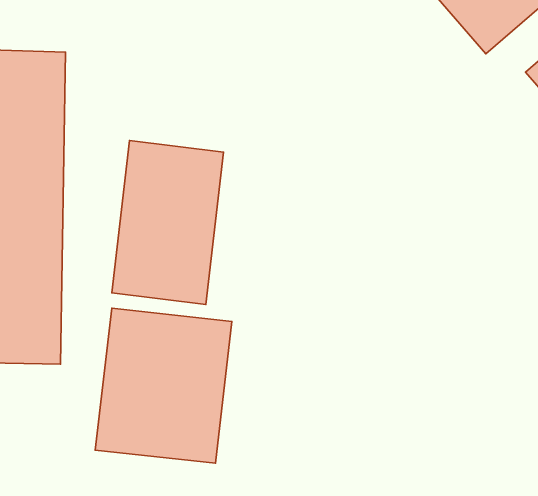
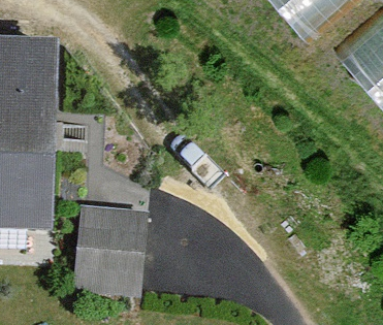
building: [112,140,223,305] -> none

